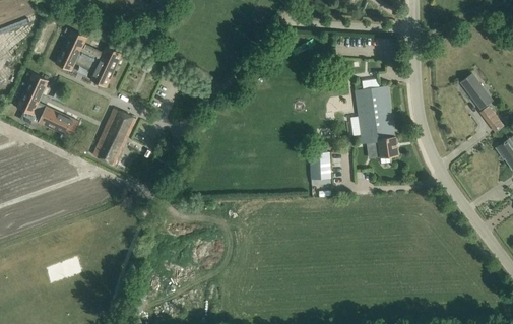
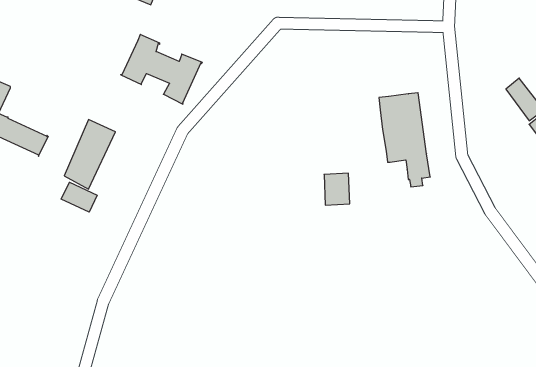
building: [54,29,122,87] -> [121,34,202,104]
building: none -> [61,182,97,212]

